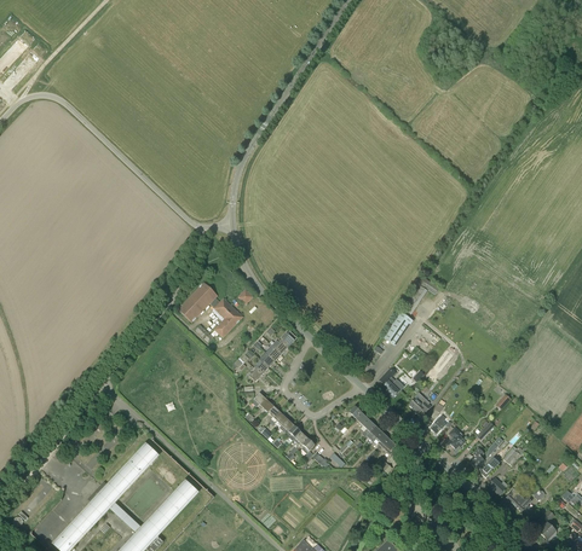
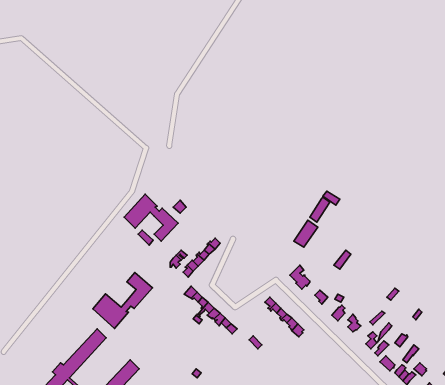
building: none -> [93,272,153,328]

